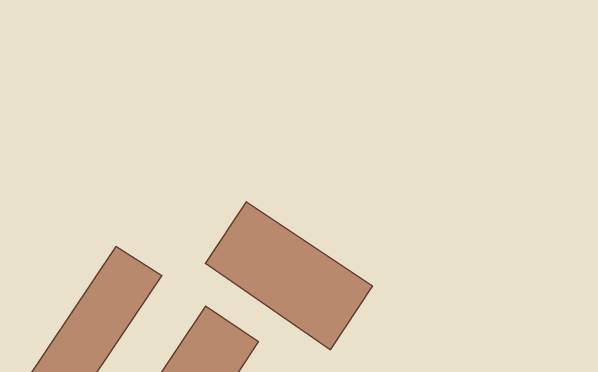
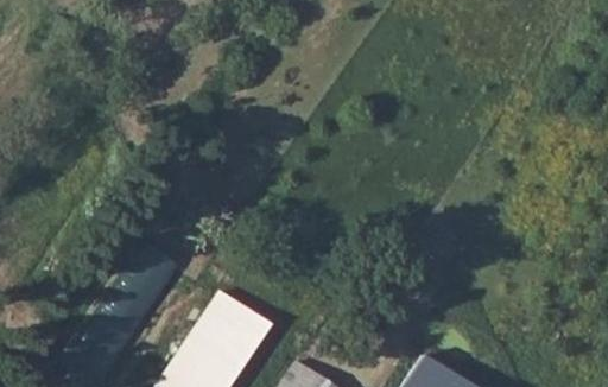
building: [205,202,372,350] -> none

